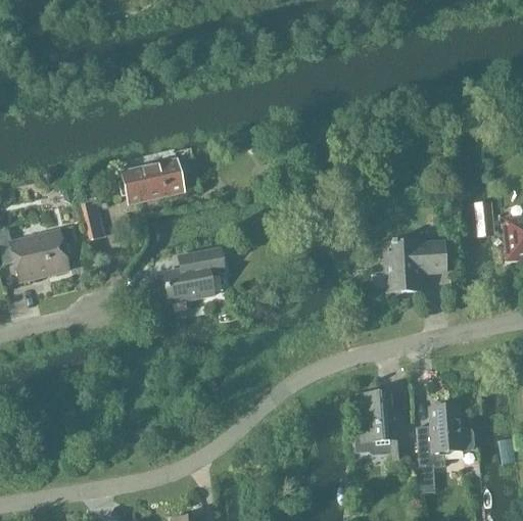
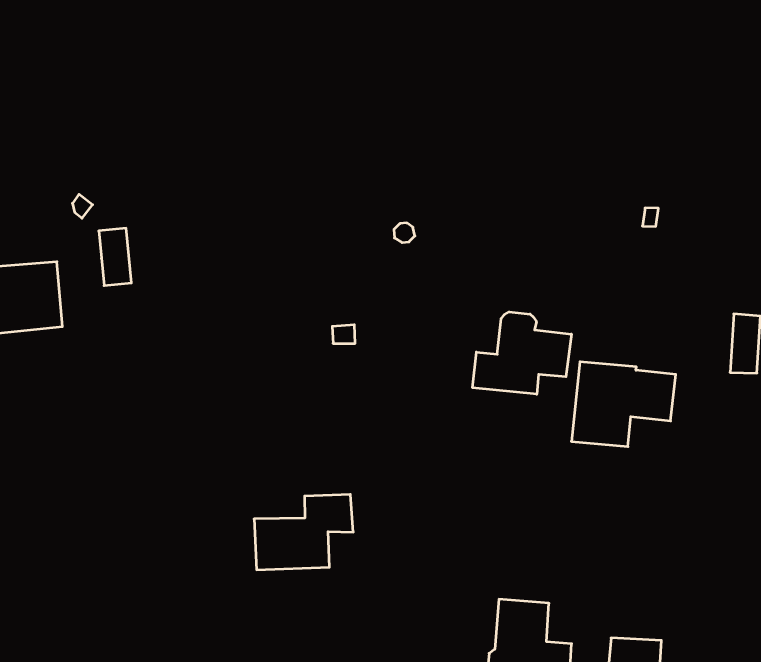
building: [122,158,184,203] -> none
building: none -> [473,312,571,394]
building: [163,248,225,302] -> [254,494,353,570]

